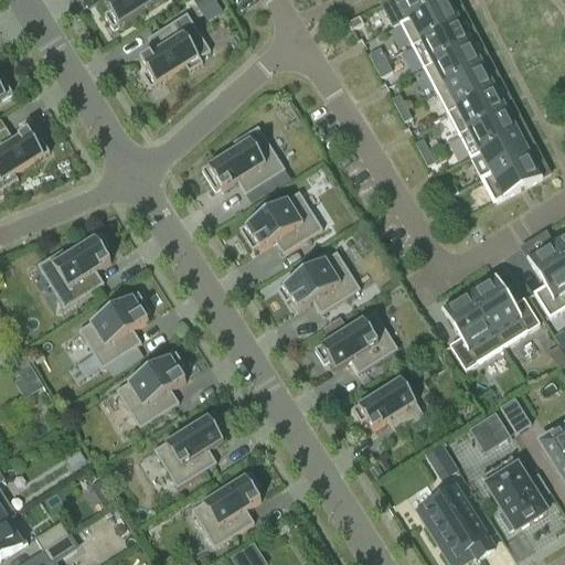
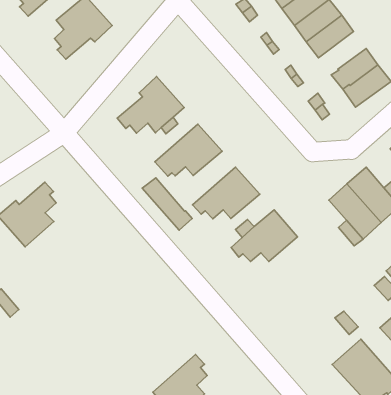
building: [458,107,518,156] -> none
building: none -> [142,178,192,230]
building: [78,290,150,365] -> none
building: [116,350,185,425] -> none
building: [352,376,424,430] -> none
building: [153,411,223,484] -> none

